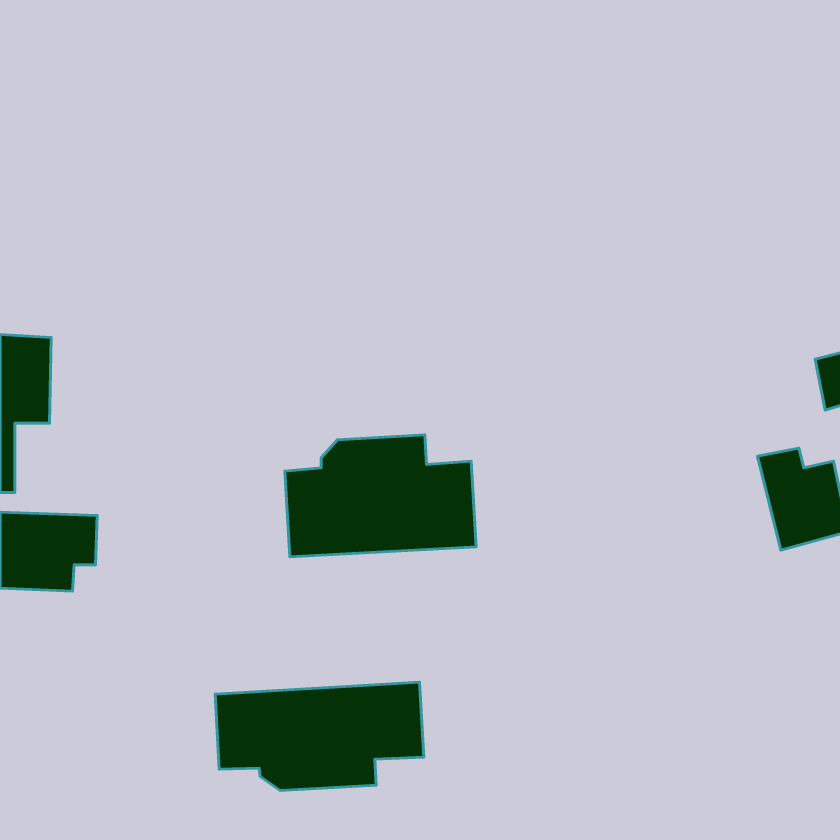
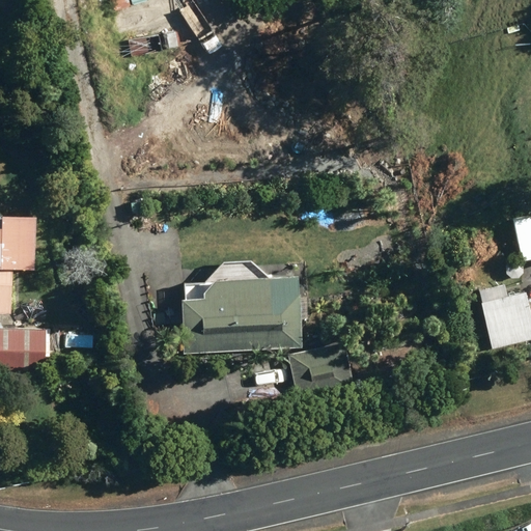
building: none -> [288,341,355,400]
building: [215,682,424,791] -> none

